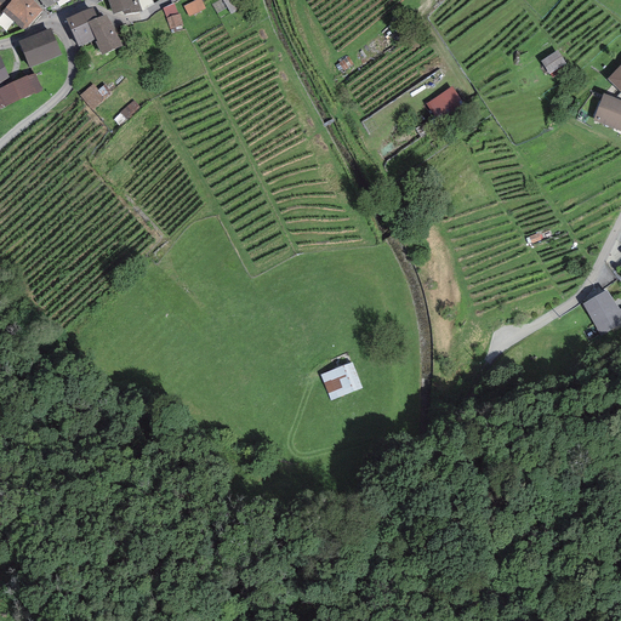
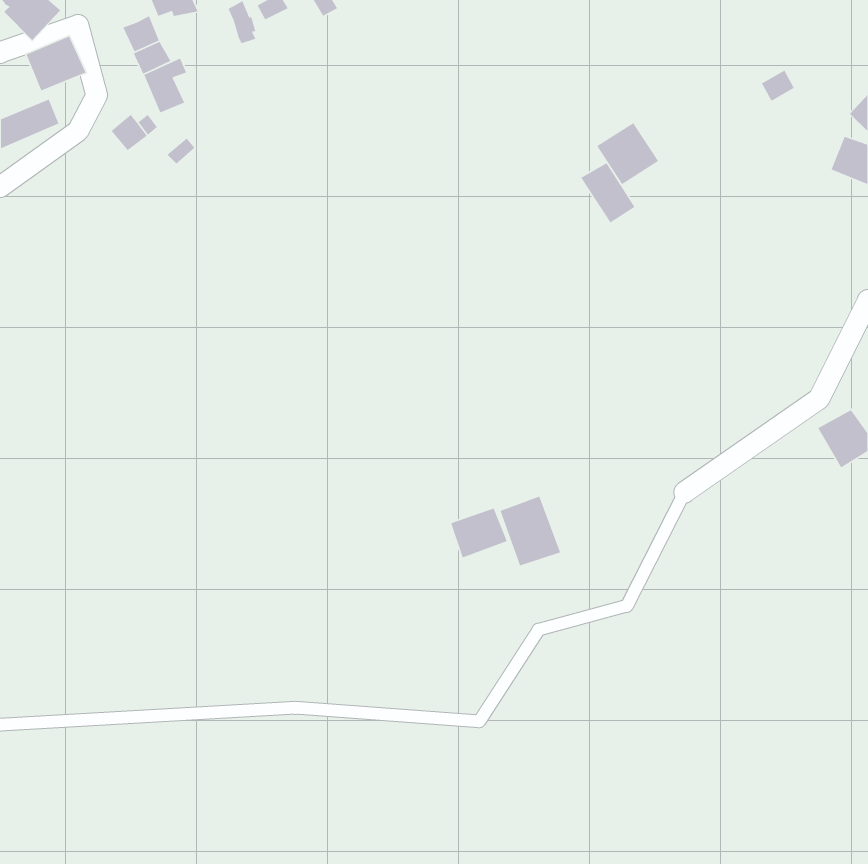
building: [65,5,97,45] -> [143,58,187,114]
building: none -> [580,162,636,224]
building: none -> [499,496,561,566]

